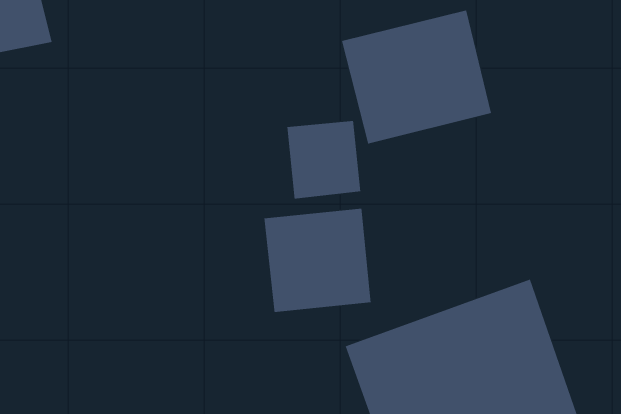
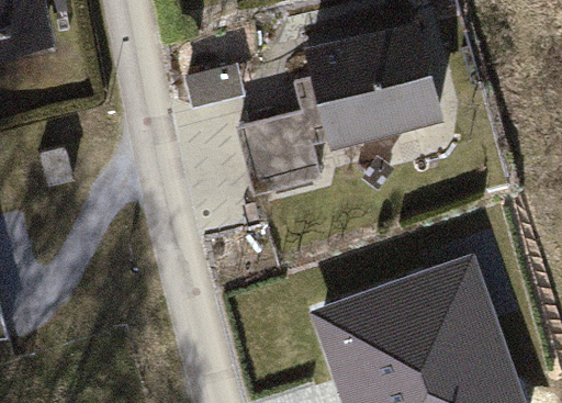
building: [264,208,371,313] -> none

